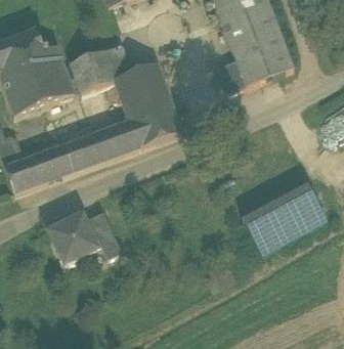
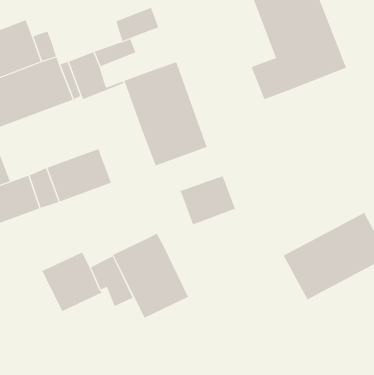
building: [95,55,130,83] -> [116,7,159,42]
building: [94,120,139,160] -> [180,176,236,225]
building: none -> [112,233,189,319]

